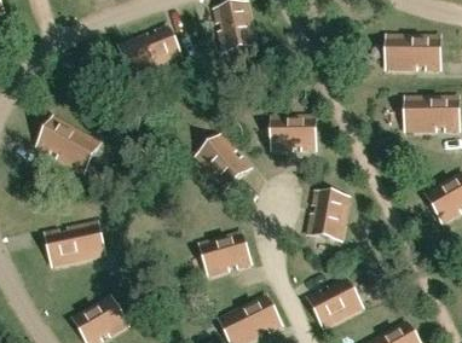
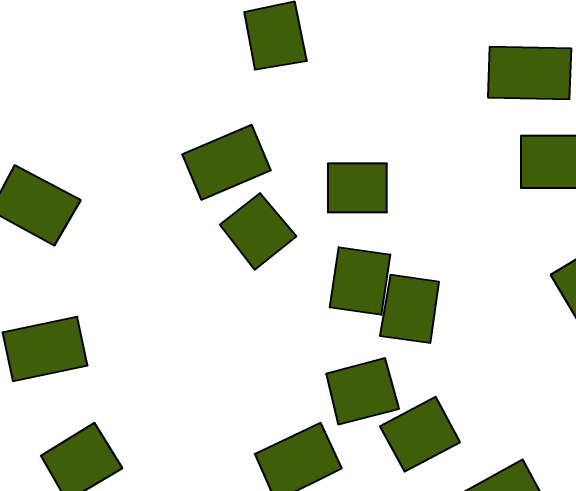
building: [120,25,181,77] -> [182,125,271,200]
building: none -> [330,247,390,315]
building: [201,231,252,277] -> [326,358,399,424]

